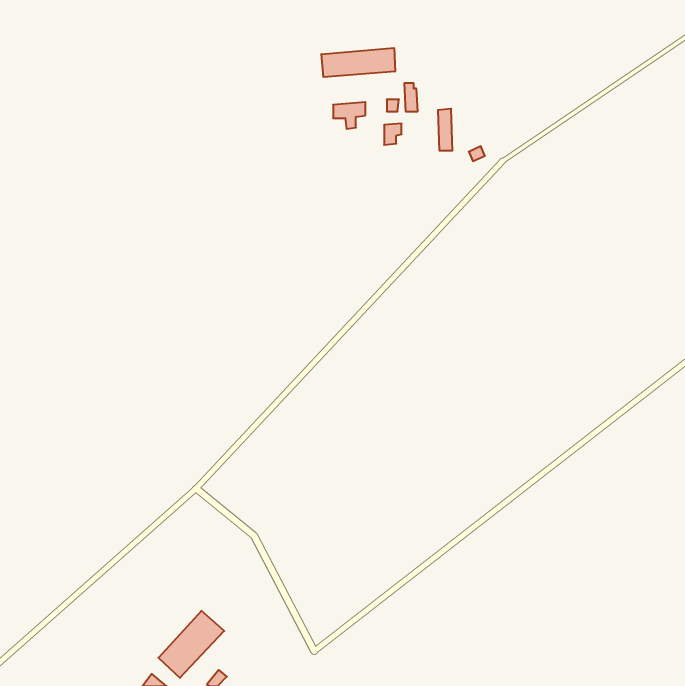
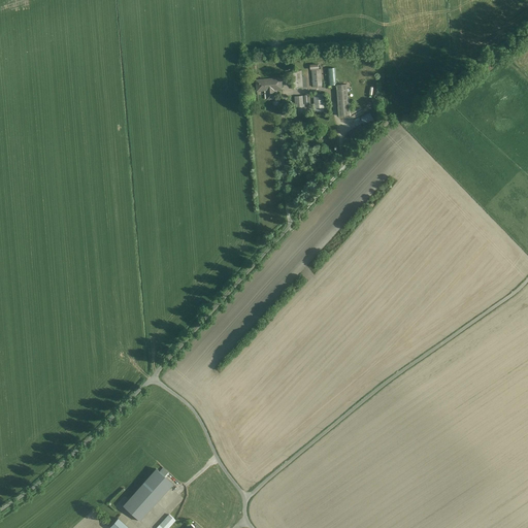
building: [321,48,395,77] -> none

